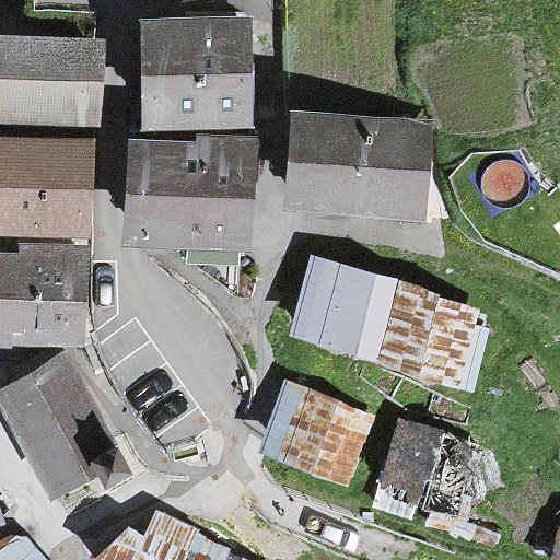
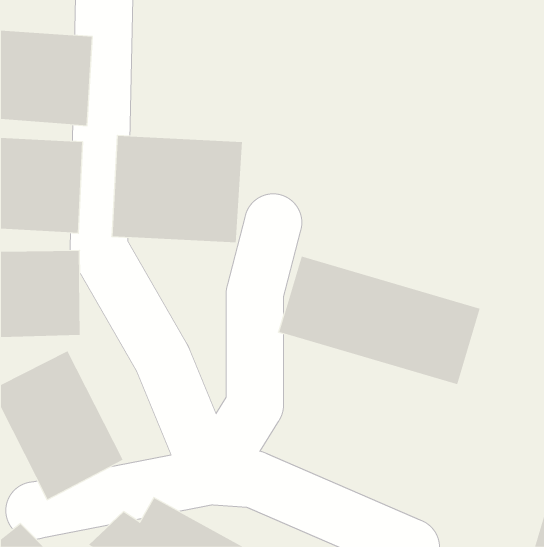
building: [132,11,252,129] -> none
building: [281,106,434,221] -> none
building: [264,386,371,489] -> none
building: [375,420,483,525] -> none

